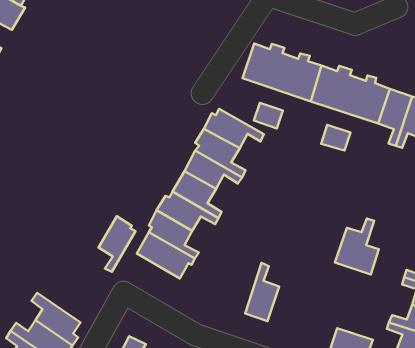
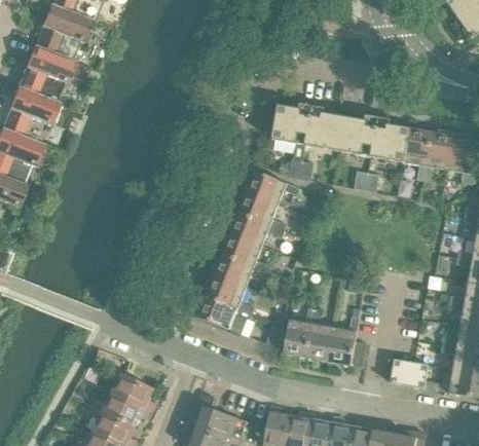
building: [99,216,135,272] -> none
building: [335,219,379,274] -> [328,317,367,368]
building: none -> [284,307,315,358]

